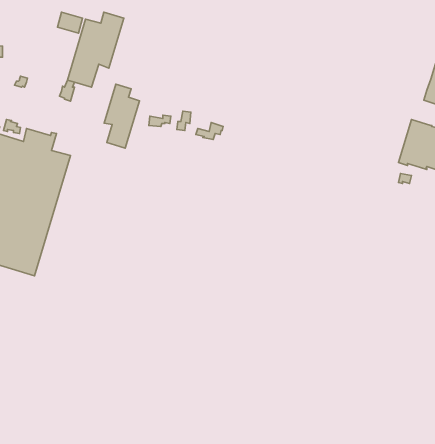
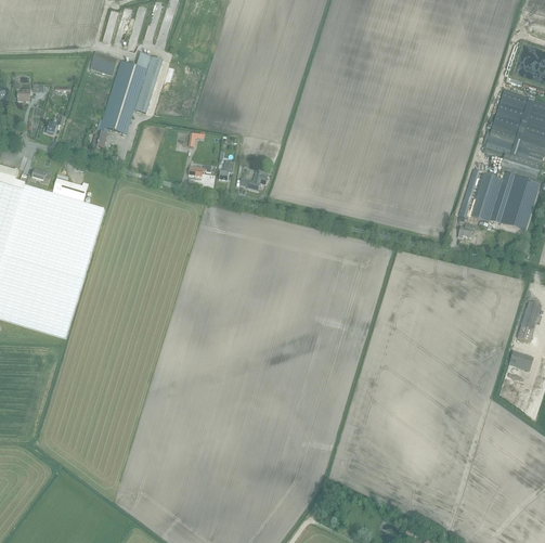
building: [104,84,140,148] -> none

